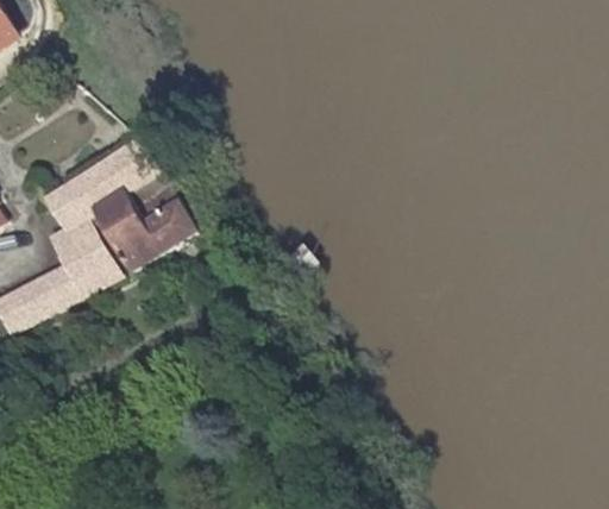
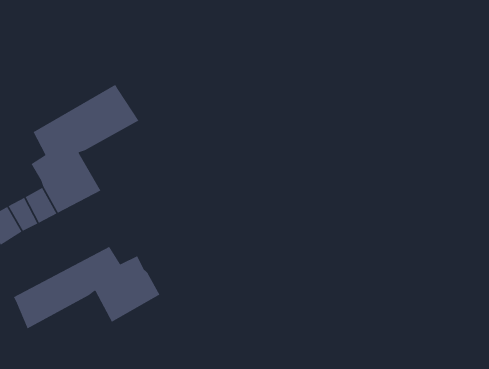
building: [103,191,196,276] -> none
building: none -> [13,246,161,329]

